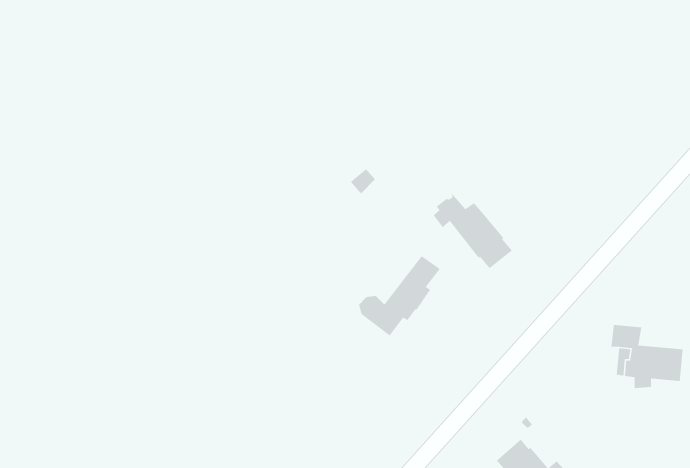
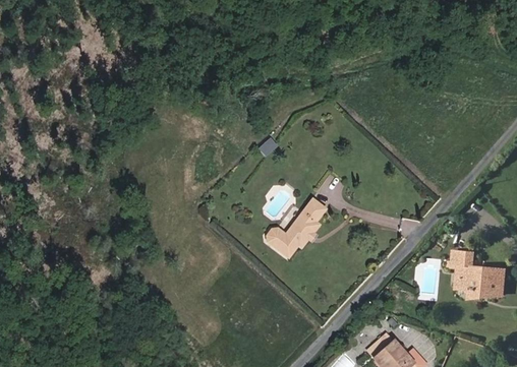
building: [433,193,513,269] -> none

